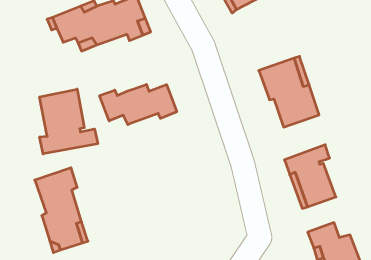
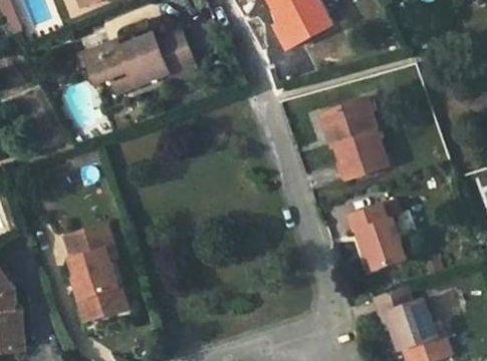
building: [100,84,177,125] -> none
building: [40,89,98,154] -> none

